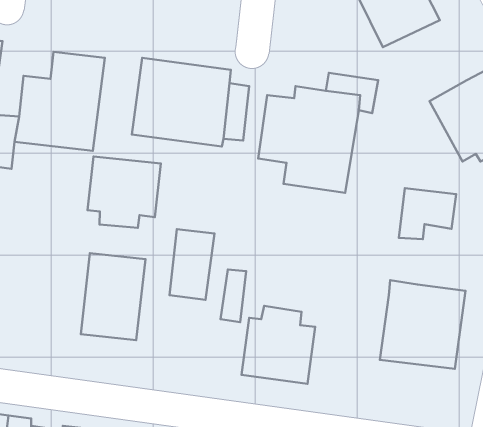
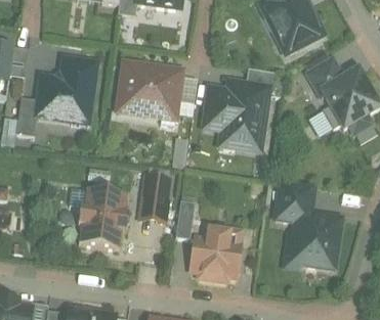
building: none -> [308,59,343,89]
building: [88,156,161,228] -> none
building: [399,188,456,239] -> [273,186,312,221]

